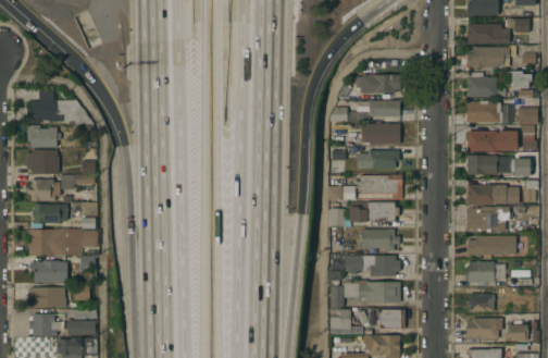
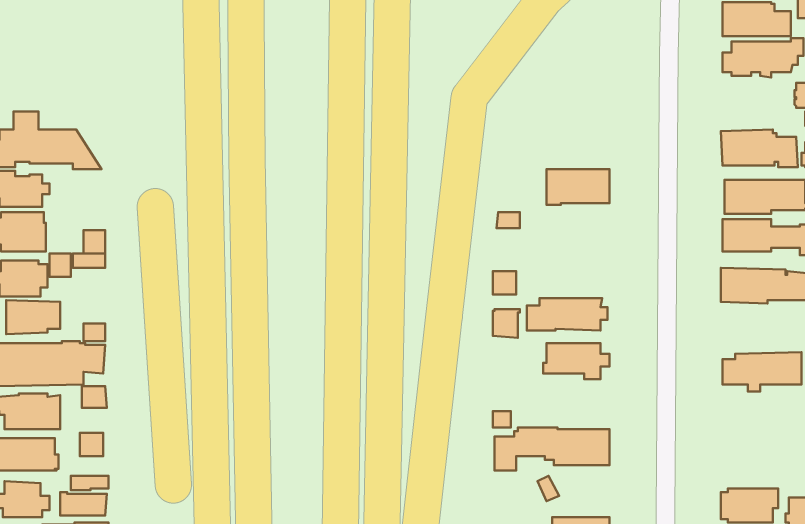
building: [468,72,506,97] -> none
building: [356,75,399,94] -> none
building: [331,100,399,121] -> none
building: [357,150,399,169] -> none
building: [356,174,401,199] -> none
building: [466,207,511,231] -> none
building: [344,256,399,276] -> none
building: [468,261,505,282] -> none
building: [468,293,494,311] -> none
building: [328,308,353,329] -> none
building: [377,310,406,329] -> none

